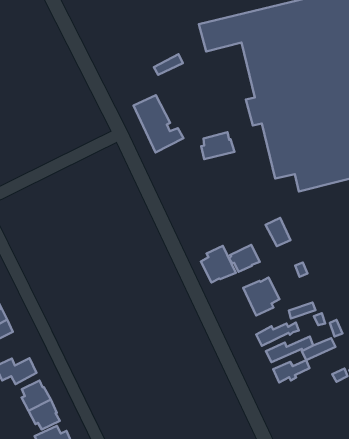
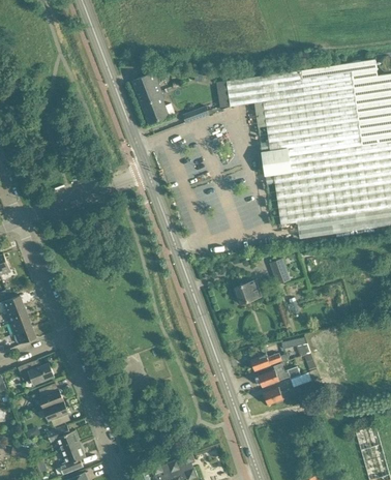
building: [134,95,183,152] -> [132,73,174,124]
building: [201,132,235,159] -> none
building: [201,246,236,283] -> none
building: [243,277,280,316] -> none

